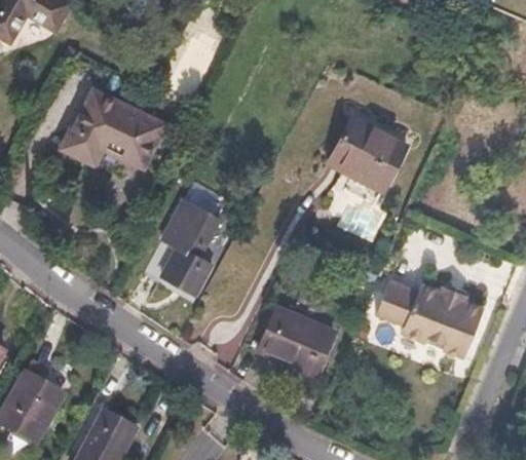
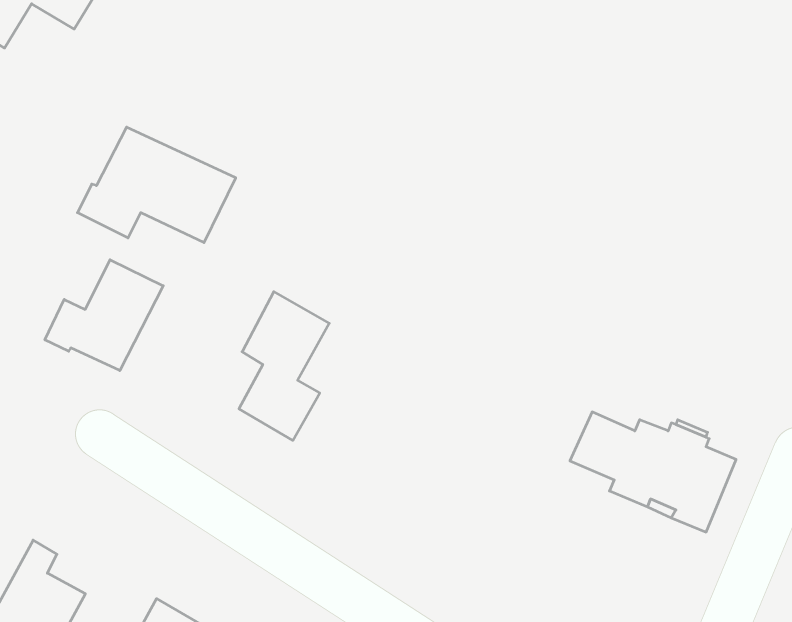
building: [329,119,404,191] -> none
building: none -> [45,260,163,371]
building: [257,308,331,374] -> none

